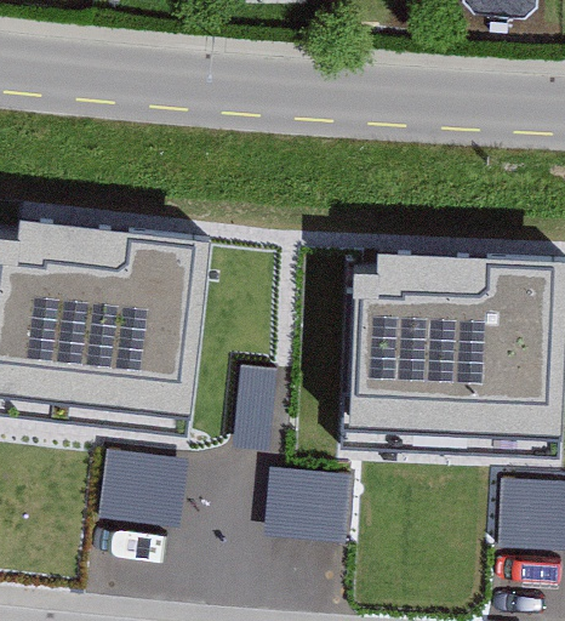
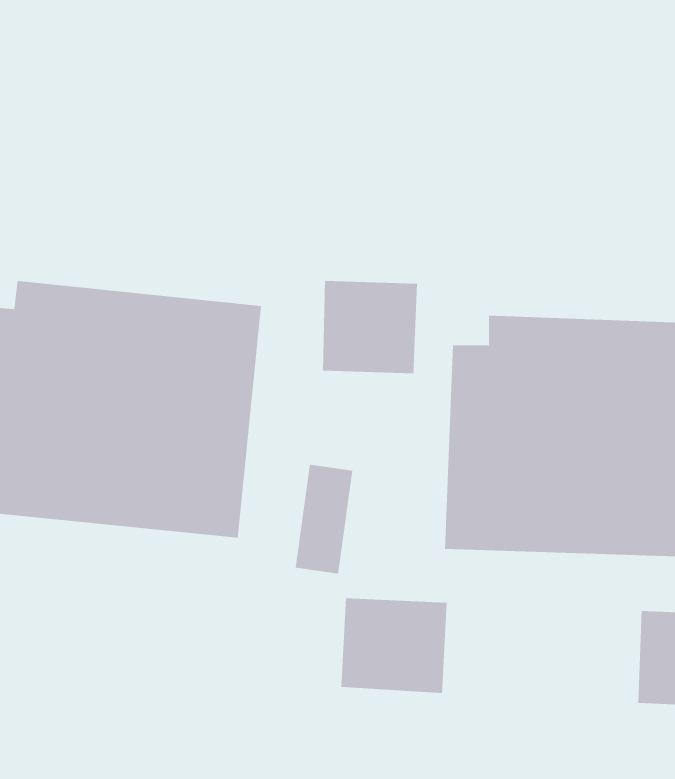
building: none -> [323,280,417,374]
building: [98,448,186,523] -> none

